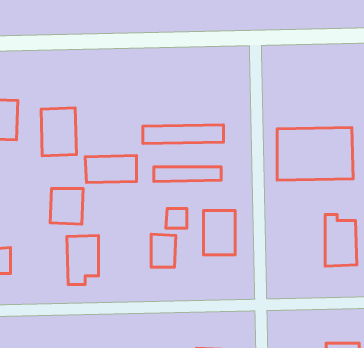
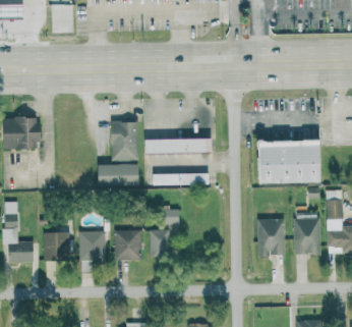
building: [41,108,77,156] -> [110,120,139,160]
building: [50,188,83,224] -> [44,231,71,261]
building: [203,211,235,255] -> [258,218,285,255]
building: none -> [116,228,143,259]

